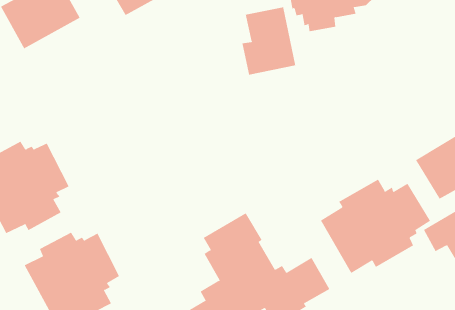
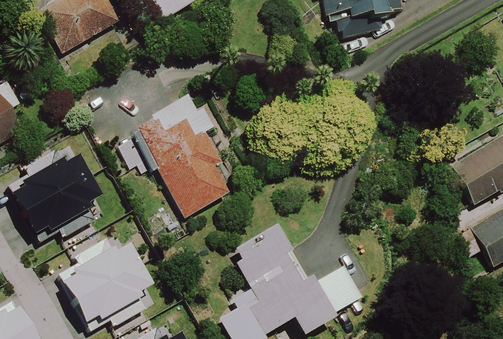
building: [242,7,296,76] -> none
building: none -> [117,102,227,220]
building: [320,179,431,274] -> none

